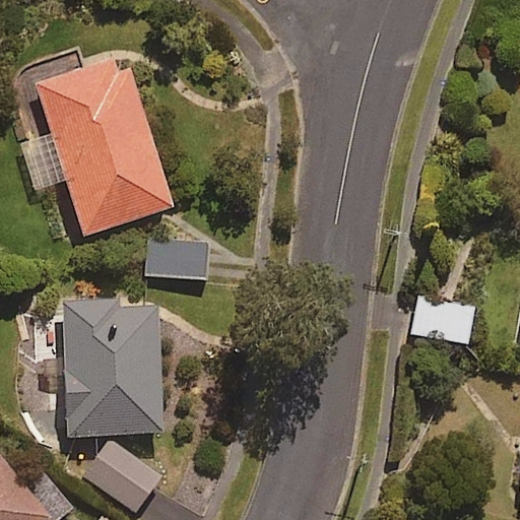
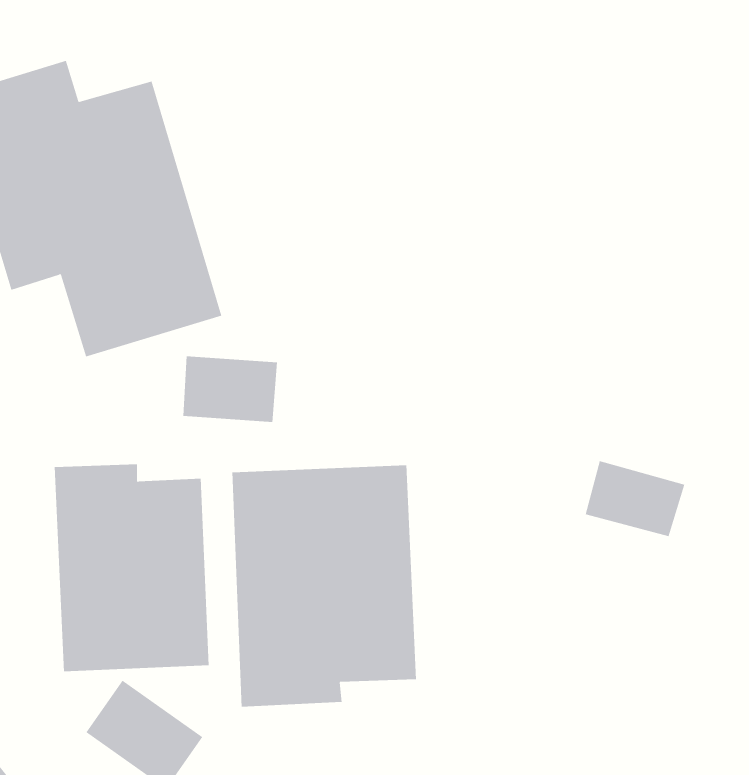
building: none -> [232,464,416,707]

